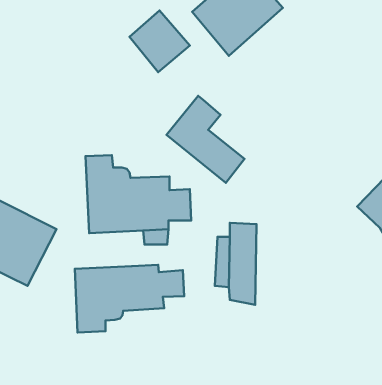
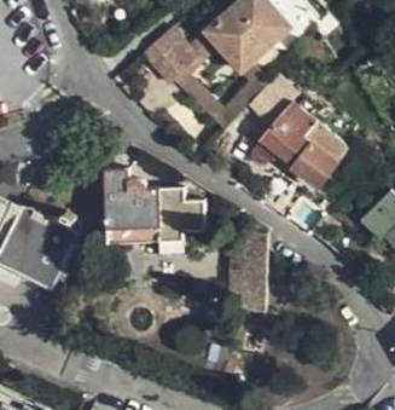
building: [167,96,245,183] -> [261,102,336,185]
building: [75,265,184,332] -> none

